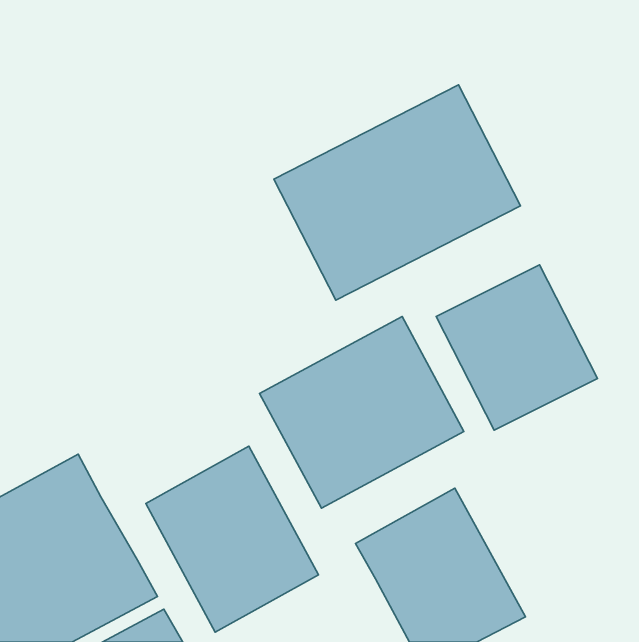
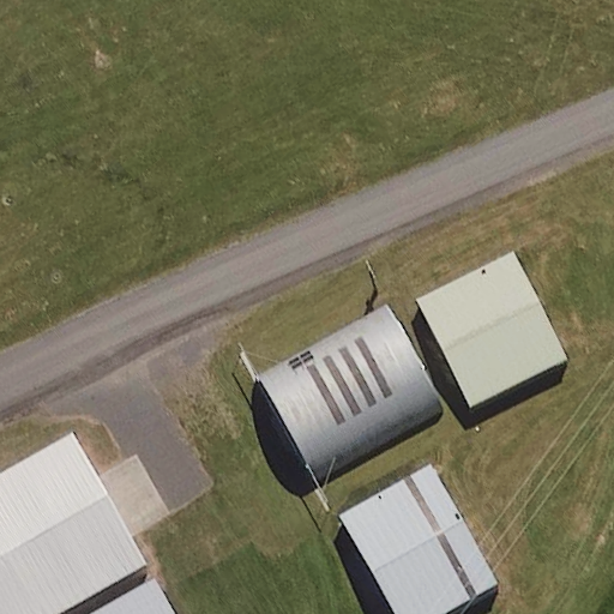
building: [274,85,521,300] -> none
building: [146,446,318,632] -> none

